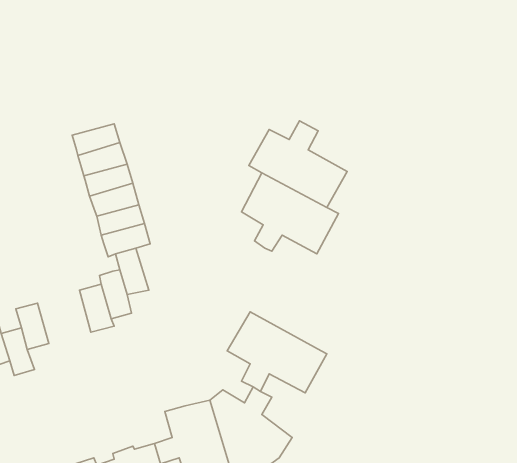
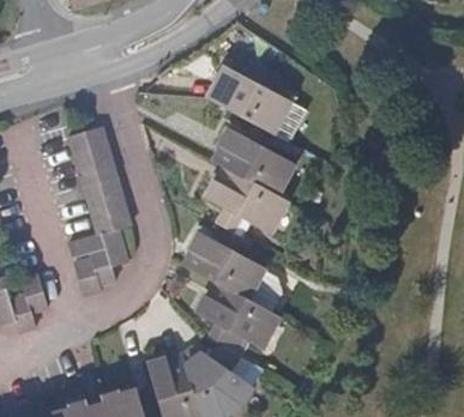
building: none -> [207,60,289,132]
building: none -> [183,229,288,314]

